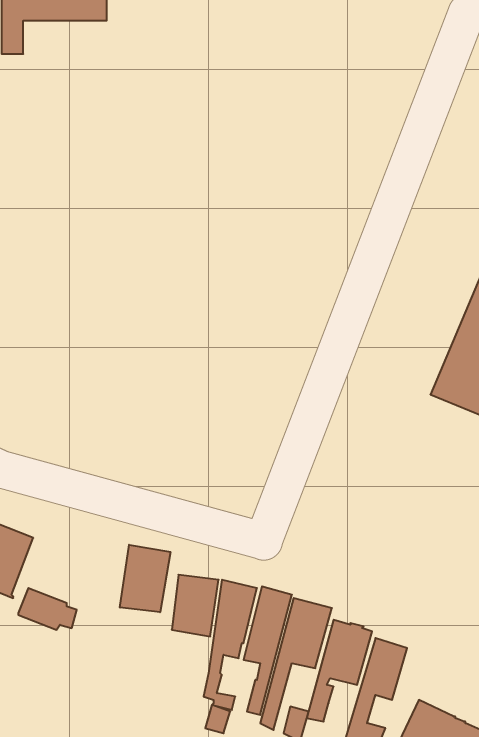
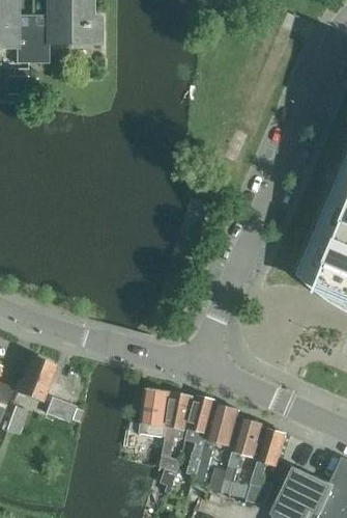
building: [120,545,170,612] -> none

